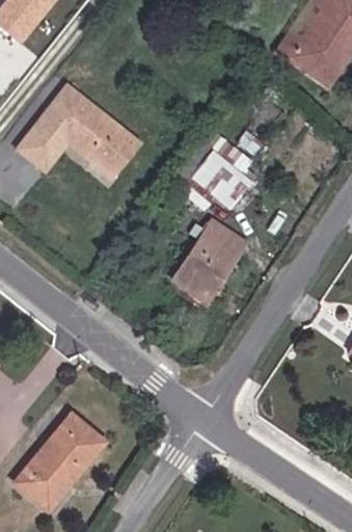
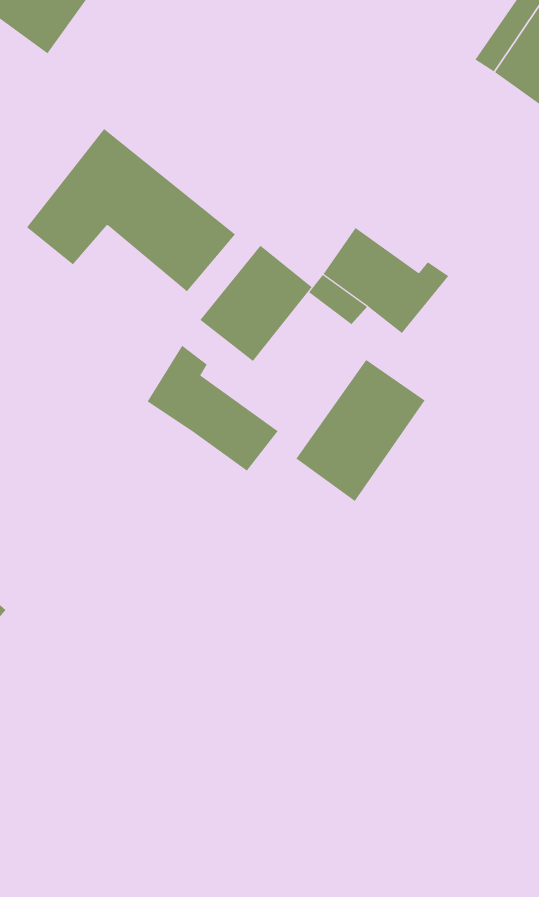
building: none -> [200,245,312,362]
building: none -> [147,345,278,471]
building: [16,413,107,502] -> none

